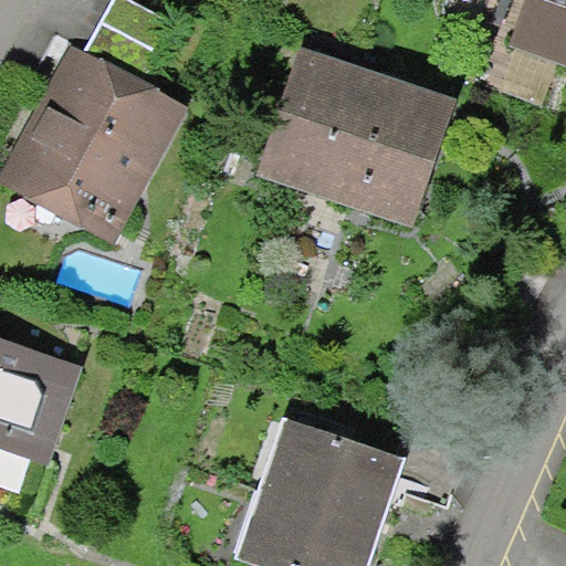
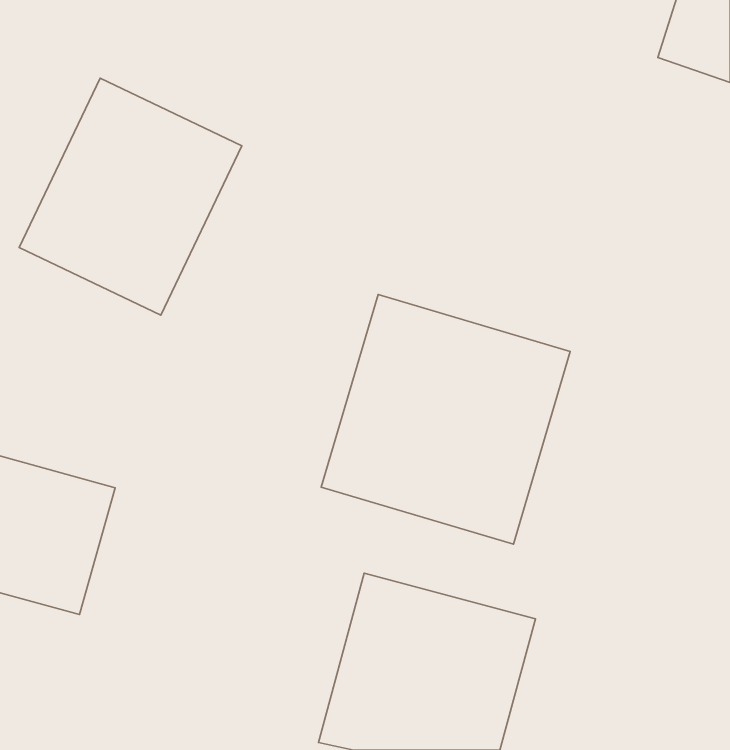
building: [274,51,460,221] -> none
building: none -> [321,295,570,544]

